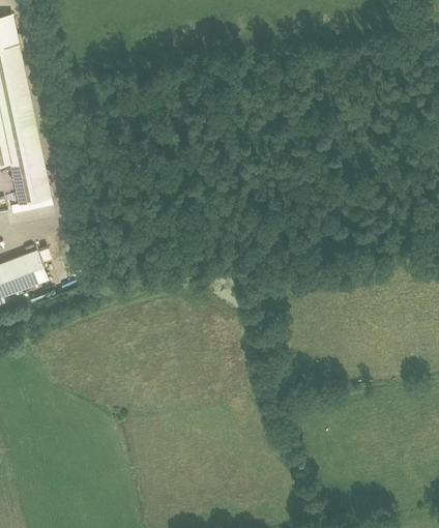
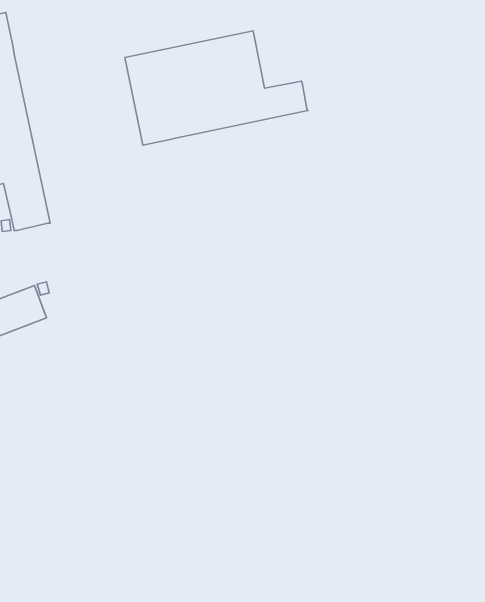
building: none -> [125,31,308,145]

